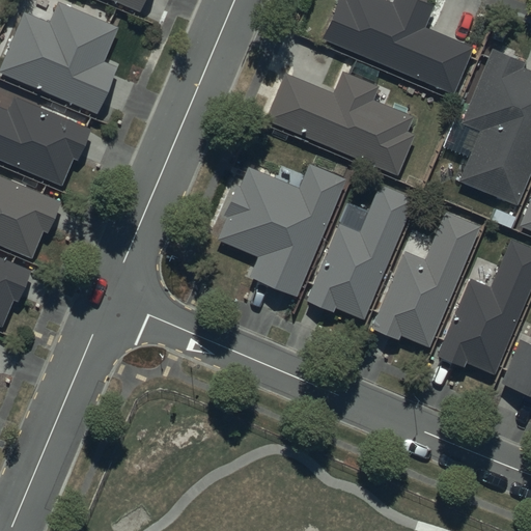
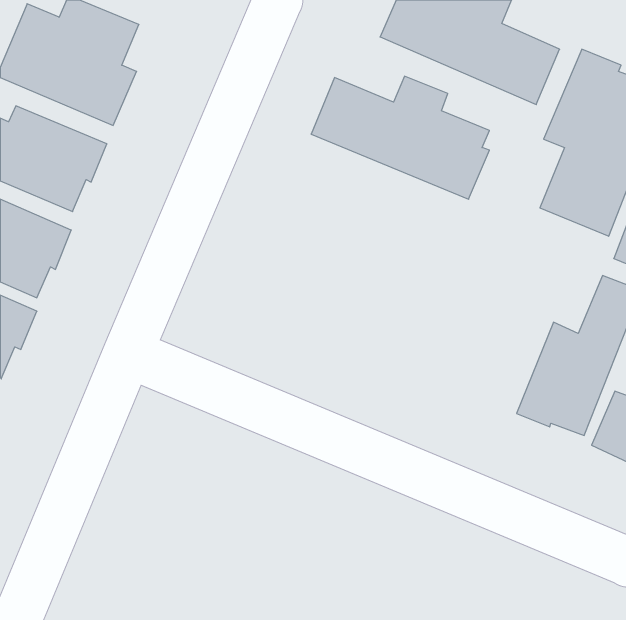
building: [217,165,344,296] -> none
building: [305,185,414,319] -> none
building: [370,212,479,347] -> none

